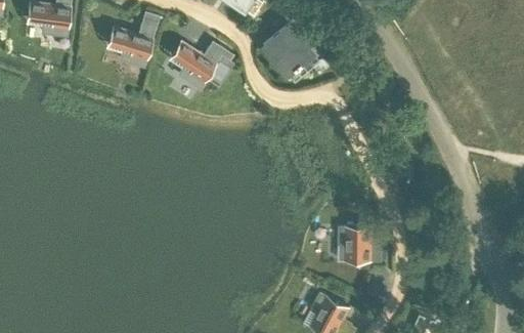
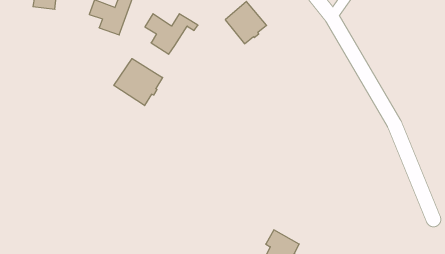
building: none -> [114,59,163,106]
building: [339,228,383,263] -> none

